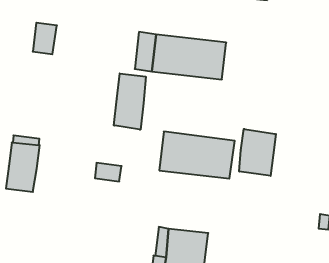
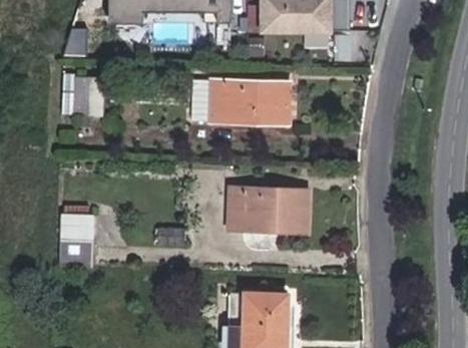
building: [114,73,146,130] -> none
building: [239,129,276,176] -> none

